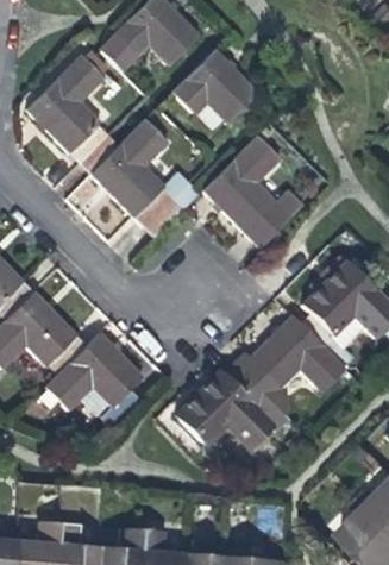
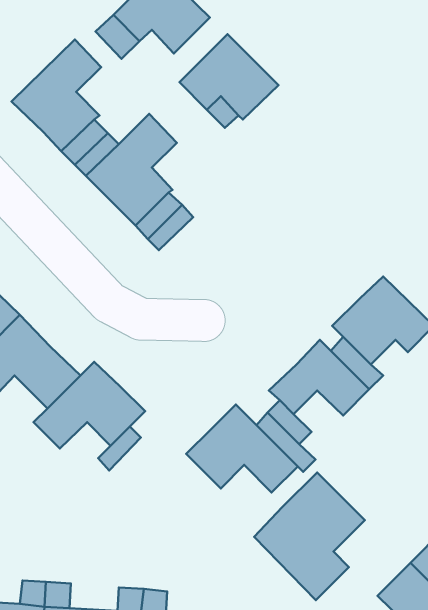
building: [199,137,289,236] -> none
building: none -> [254,472,365,600]

